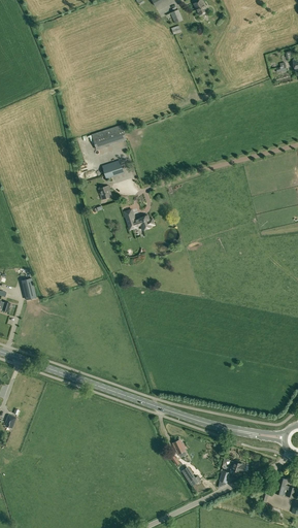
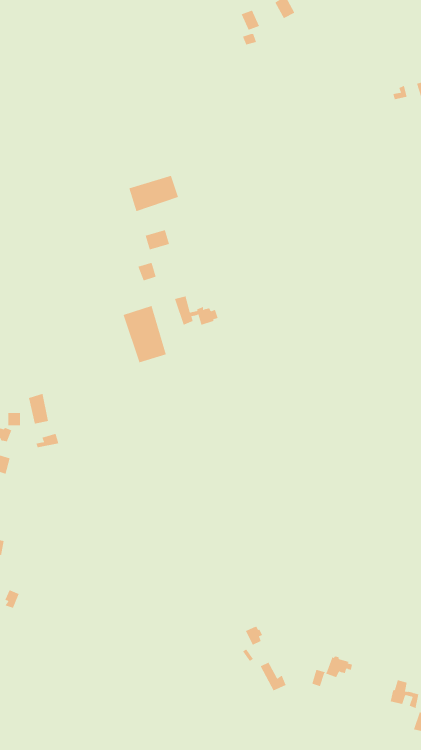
building: none -> [123,305,167,363]

